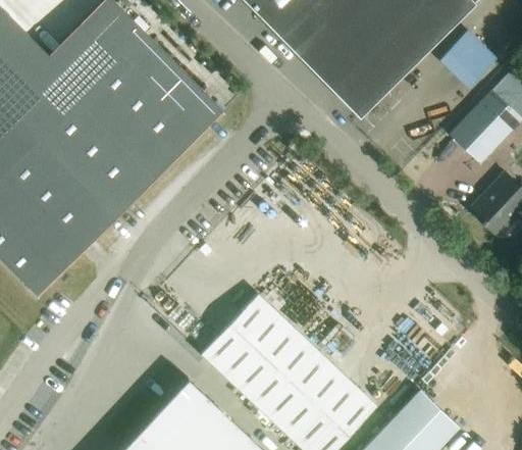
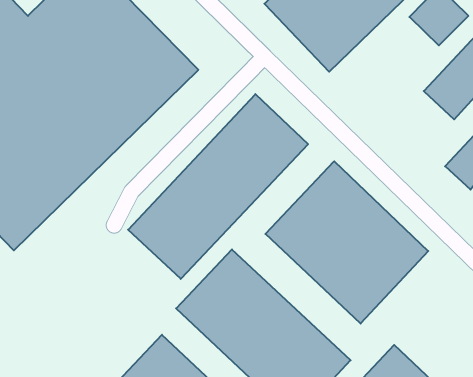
building: none -> [128,94,308,279]
building: none -> [265,161,428,324]

